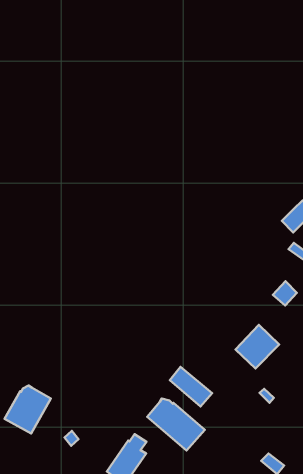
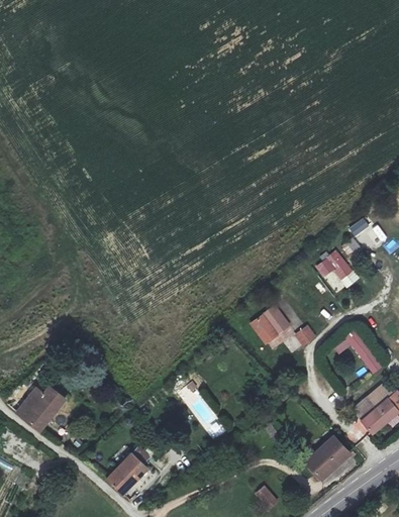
building: [236,325,279,368] -> [250,305,292,346]
building: [147,398,205,451] -> none

